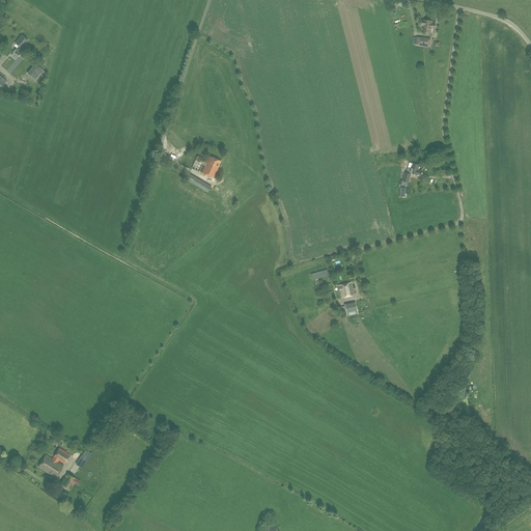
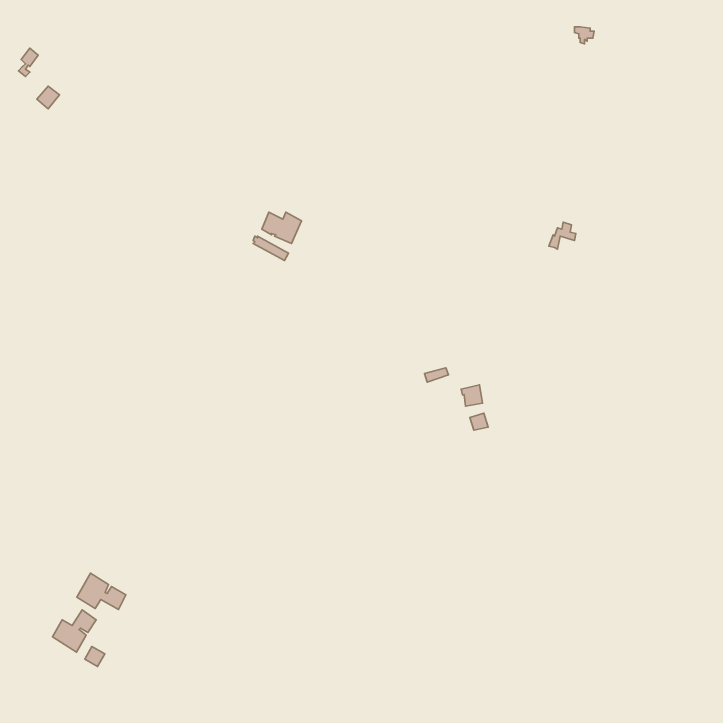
building: none -> [77,573,126,610]

